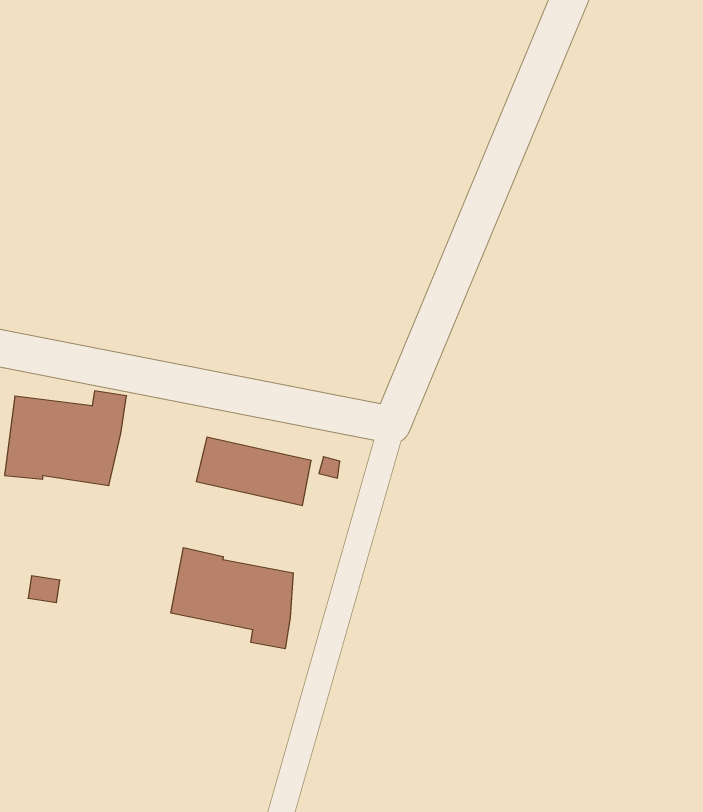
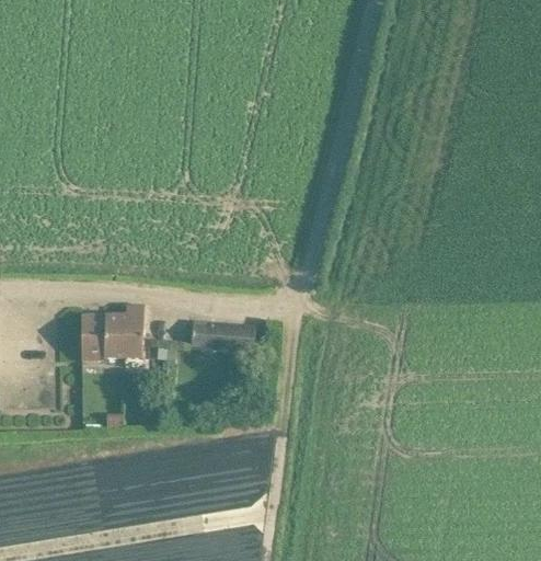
building: [171,548,293,649] -> none

